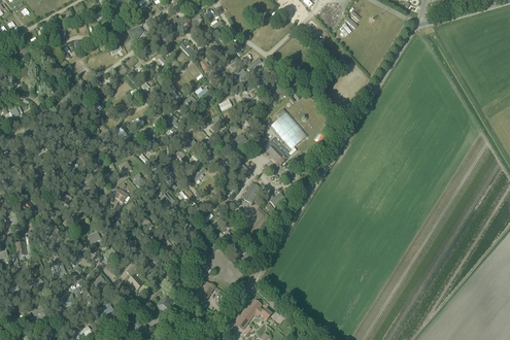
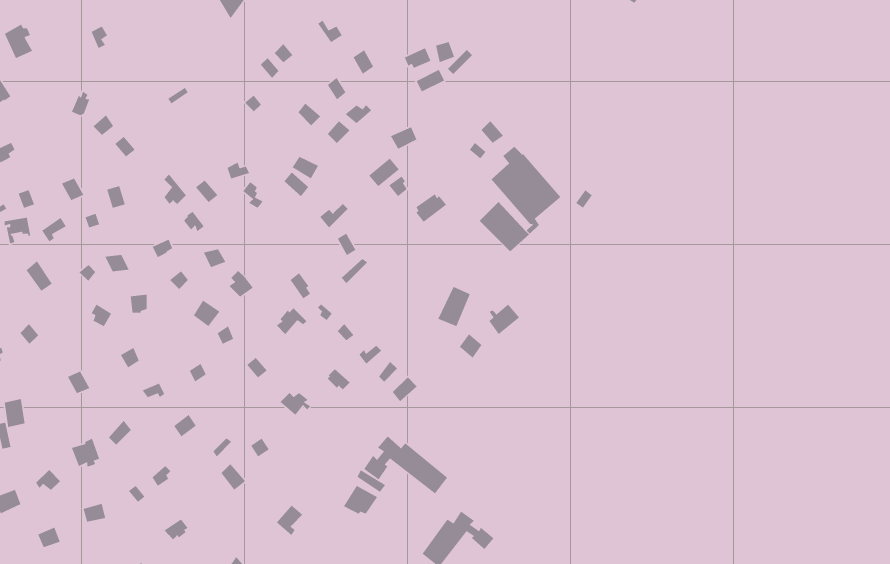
building: none -> [363,436,448,494]

